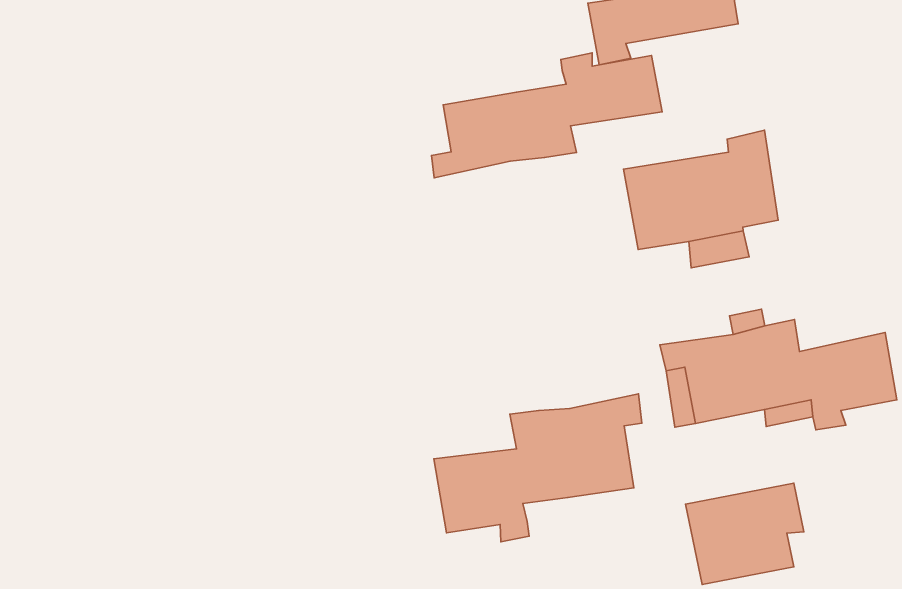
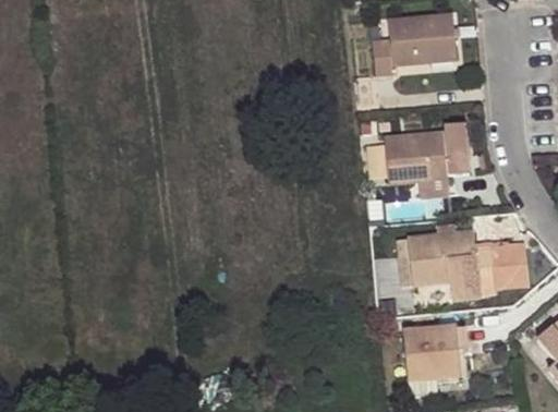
building: [431,53,662,178] -> none
building: [434,394,642,542] -> none

